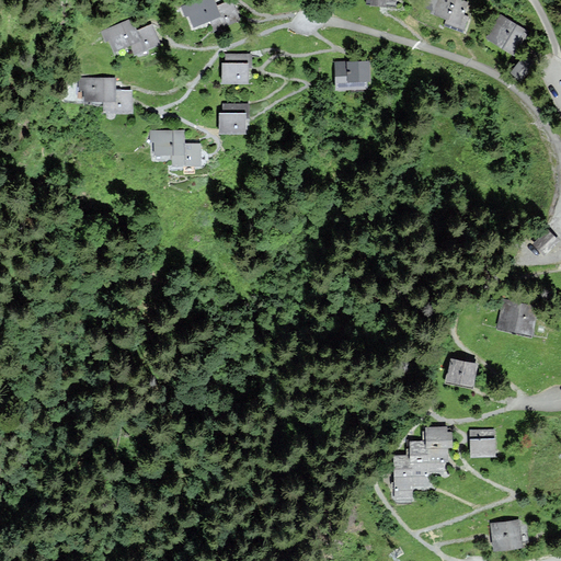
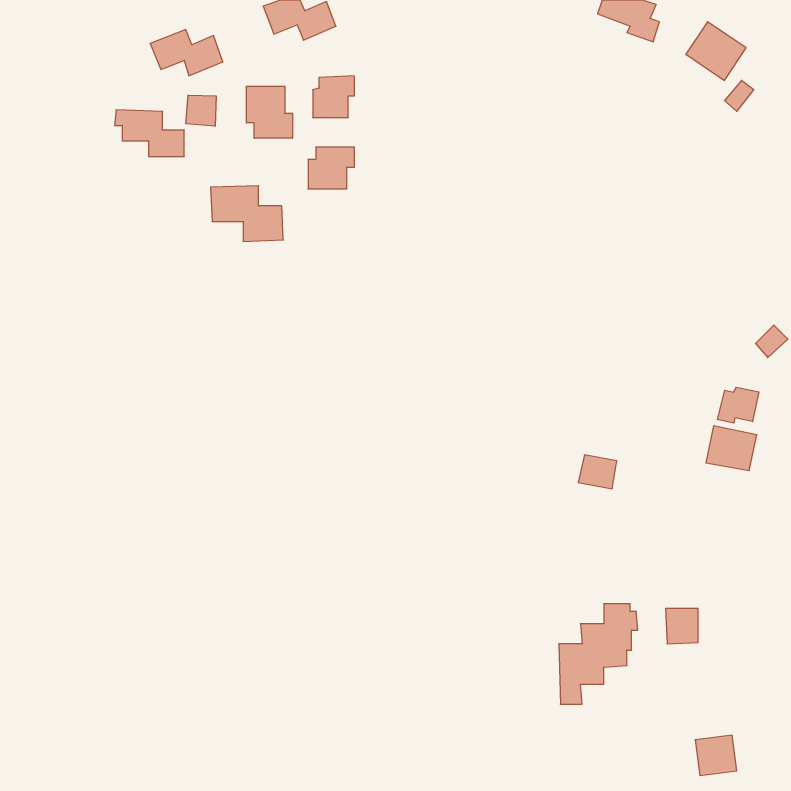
building: none -> [246,86,292,138]
building: [333,62,367,91] -> none
building: none -> [186,95,216,126]
building: none -> [718,387,759,423]
building: [448,359,476,383] -> [578,455,617,489]

